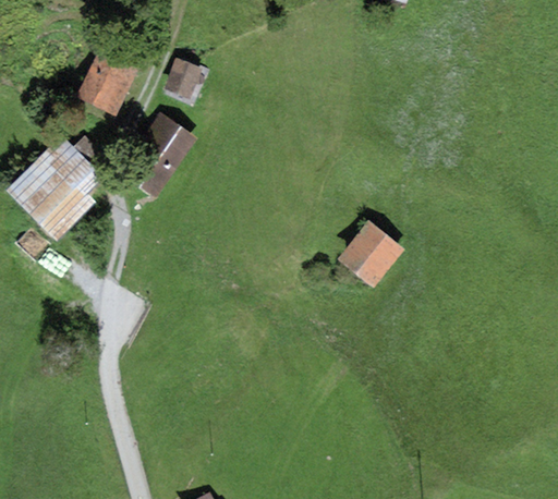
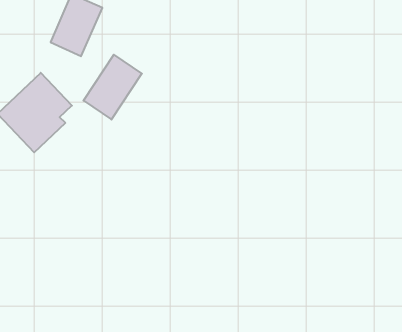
building: [162,58,202,99] -> none
building: [338,220,405,288] -> none

